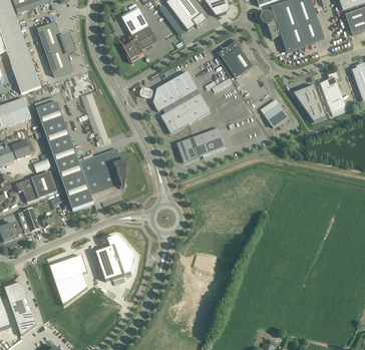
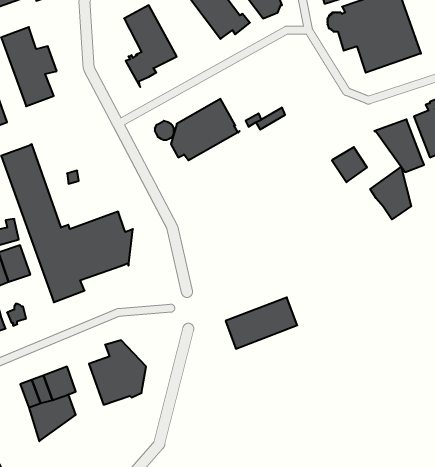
building: [217,38,252,77] -> none
building: [159,92,210,132] -> none
building: none -> [370,167,411,219]
building: [175,126,225,161] -> [226,297,297,349]

